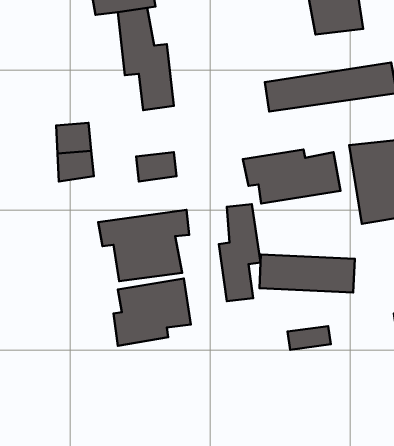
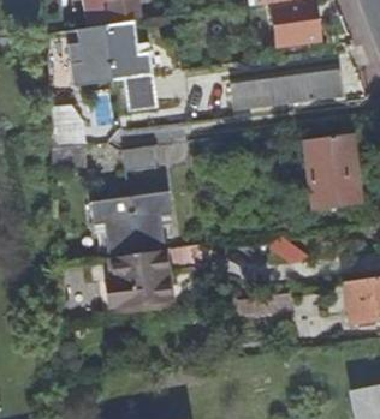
building: none -> [70,24,113,84]
building: [243,150,340,203] -> none
building: [219,204,260,301] -> none

